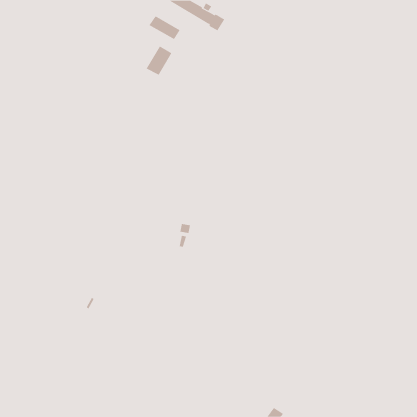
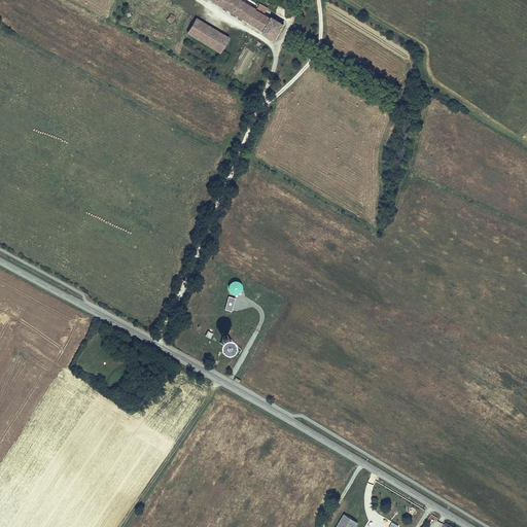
building: [146,46,172,76] -> none

